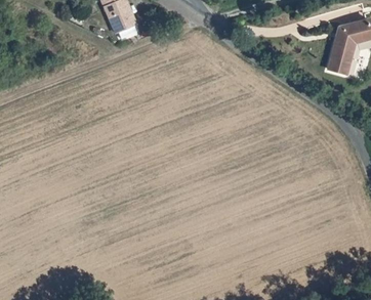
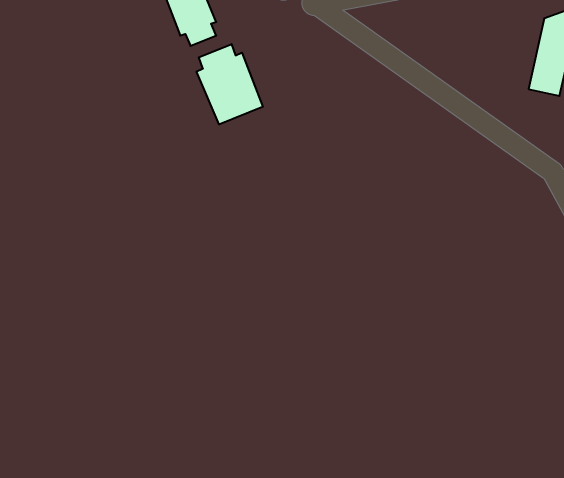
building: none -> [197,44,263,124]

